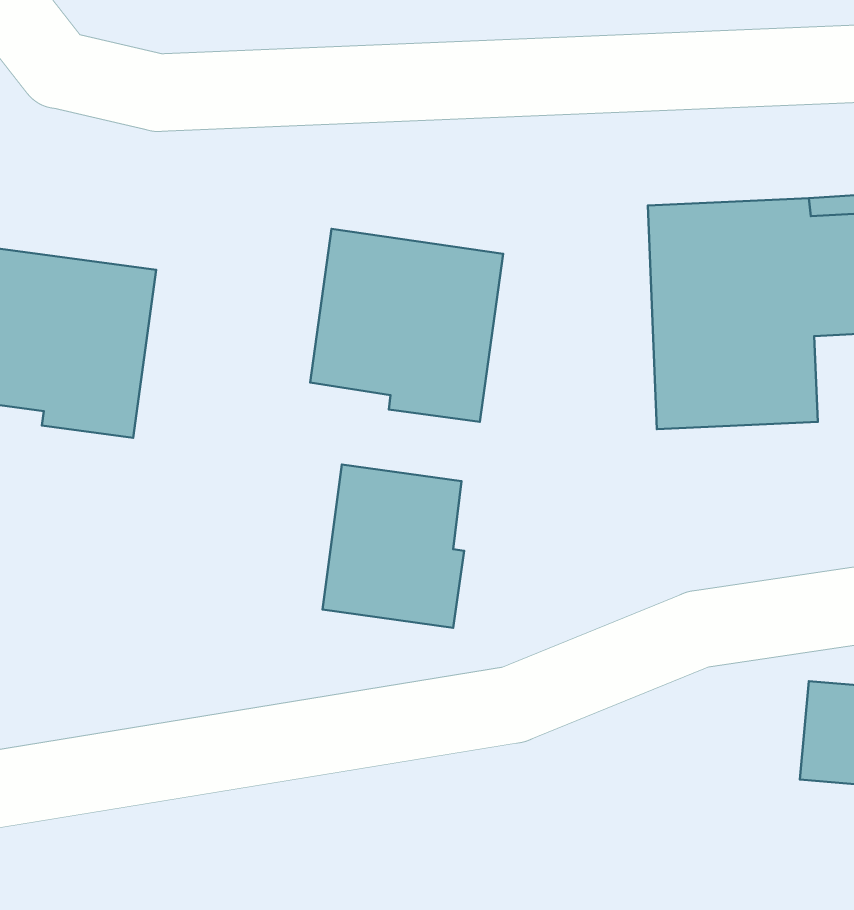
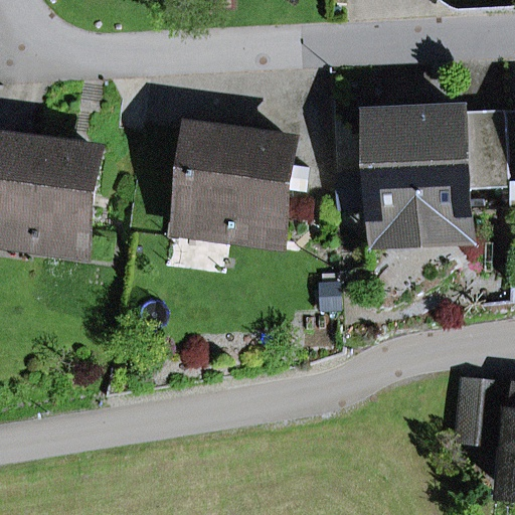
building: [323,464,464,628] -> none

